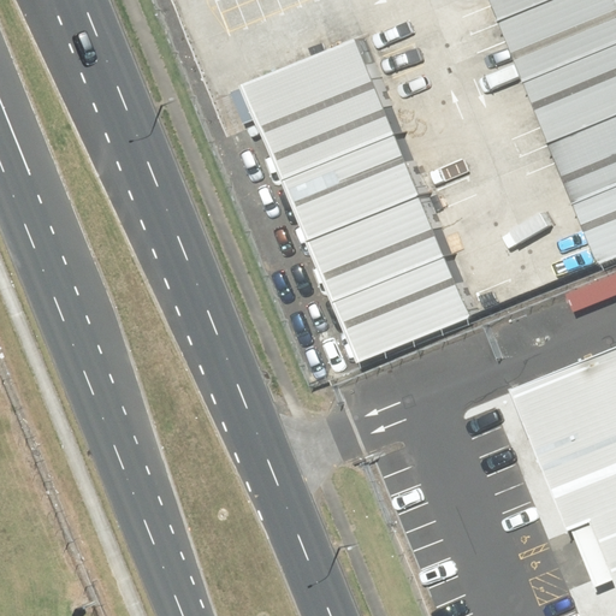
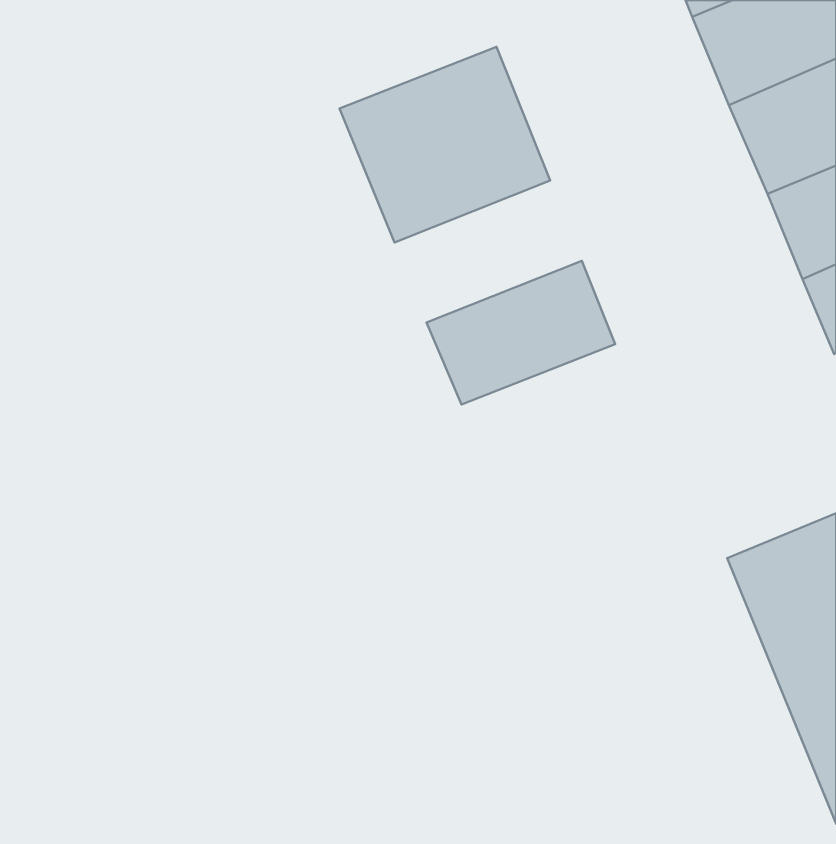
building: [284,137,419,239] -> none
building: [332,255,467,359] -> none

